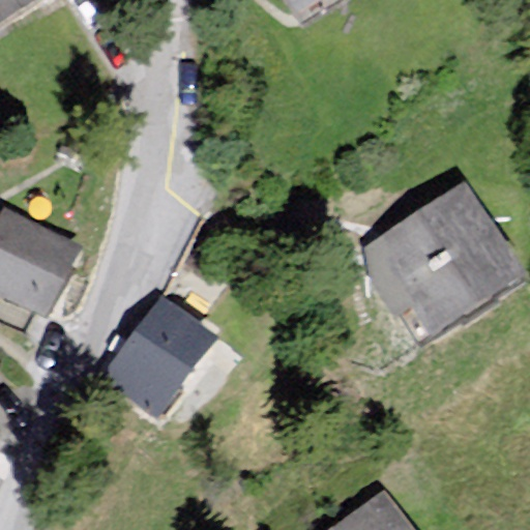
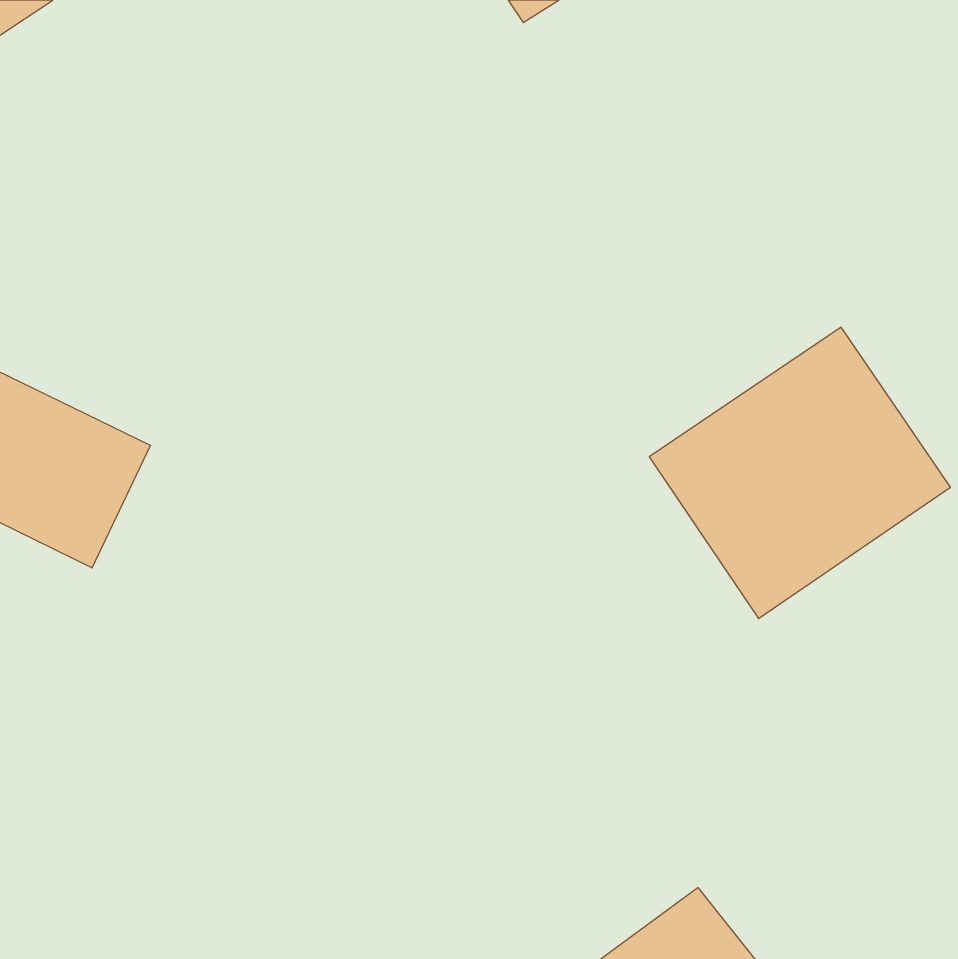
building: [105,298,215,415] -> none

